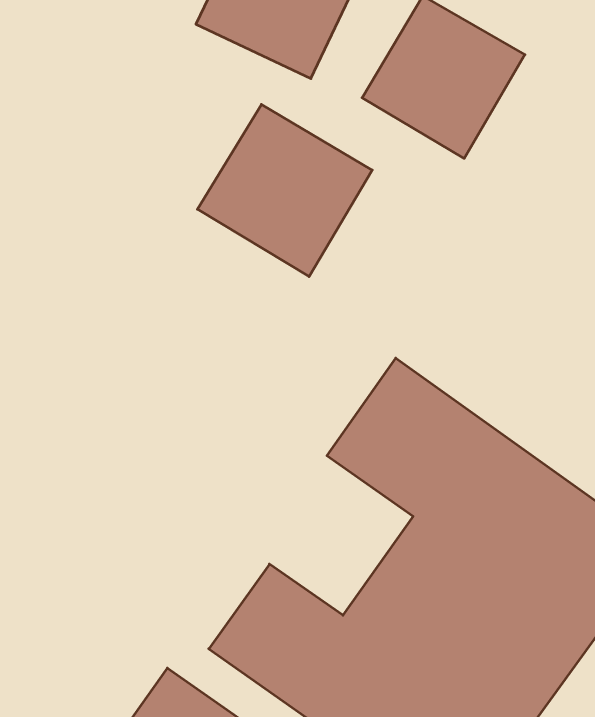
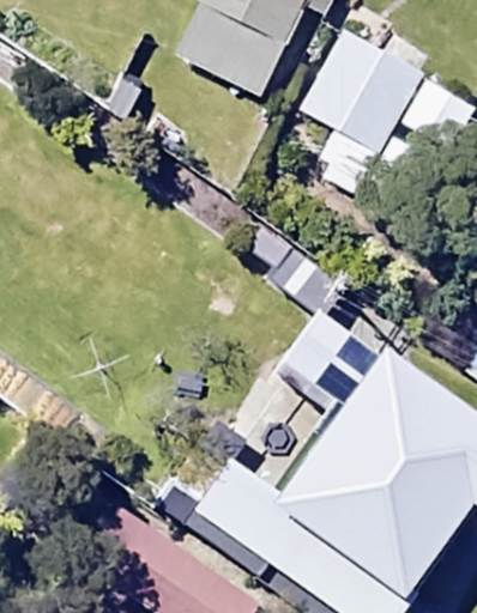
building: [197,104,372,277] -> none

